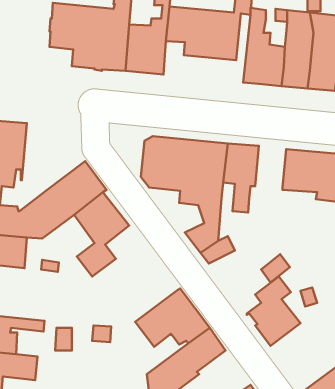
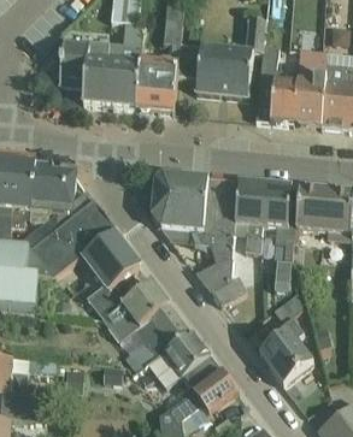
building: none -> [31,161,95,230]
building: none -> [267,184,295,290]
building: none -> [102,279,189,367]

